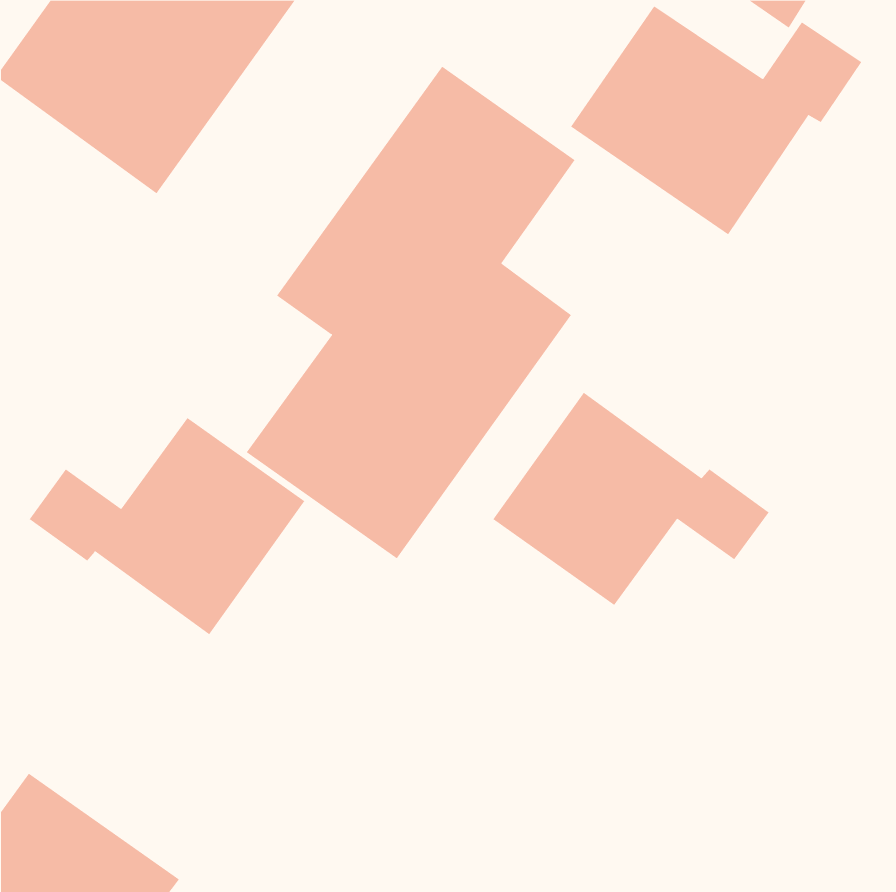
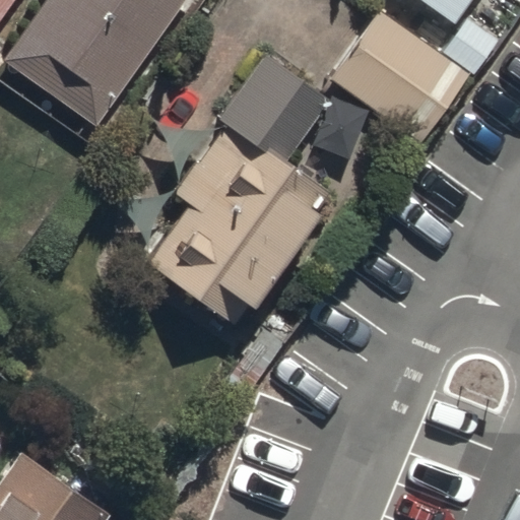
building: [493,392,769,606] -> none
building: [29,417,305,635] -> none

